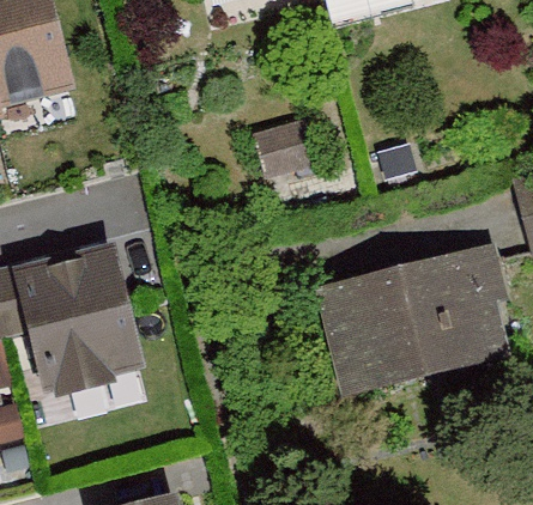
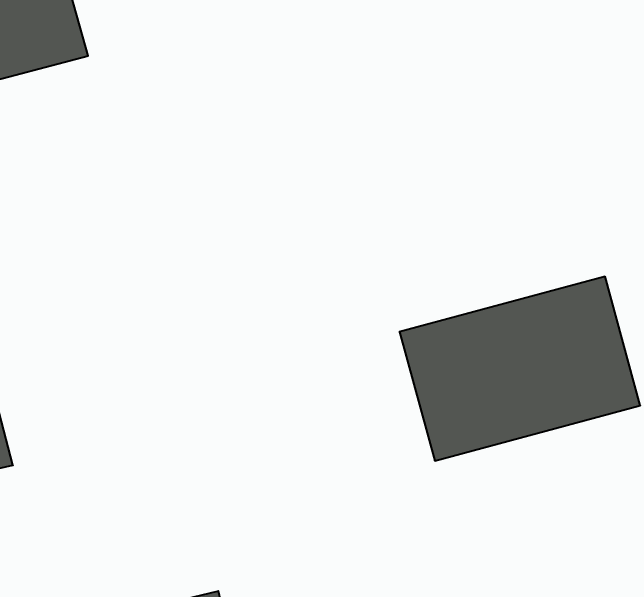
building: [17,247,143,388] -> none

